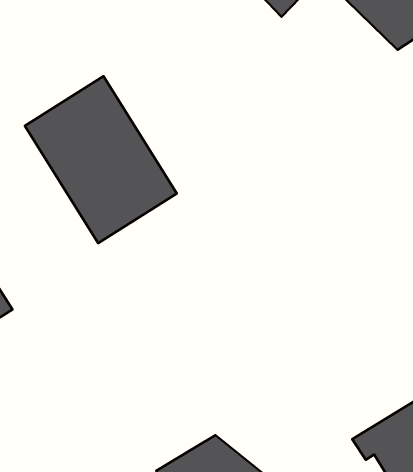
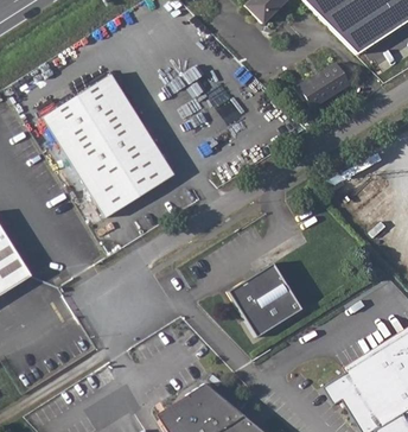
building: none -> [298,63,350,108]
building: none -> [229,262,302,336]

